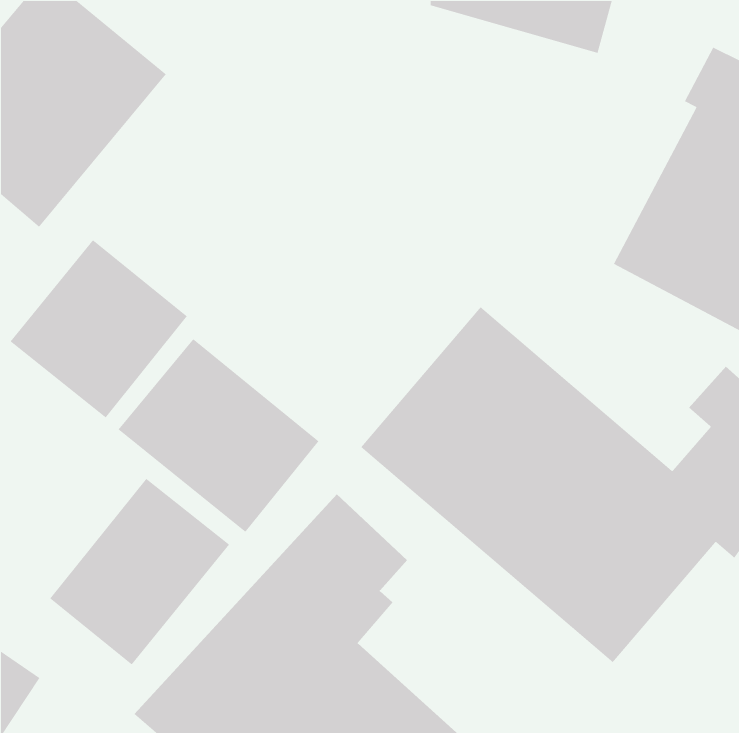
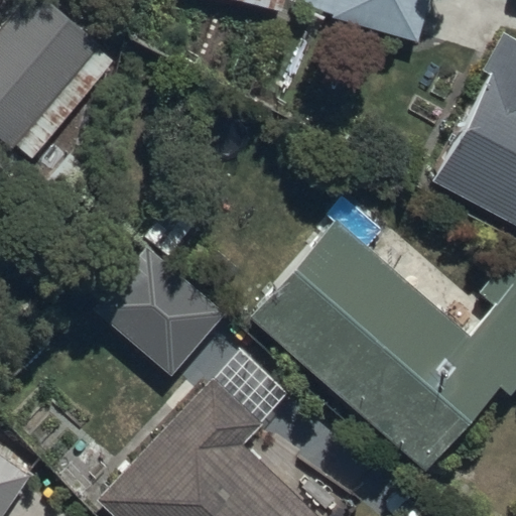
building: [10,239,188,418] -> none
building: [49,478,230,665] -> none

